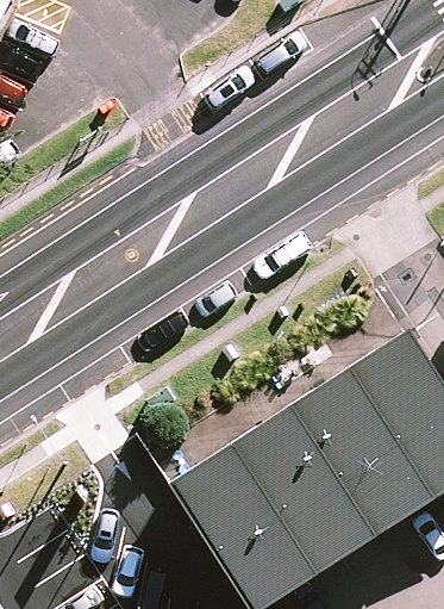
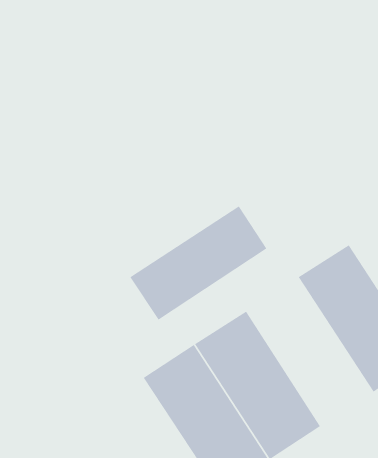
building: none -> [129,205,267,321]
building: [293,366,437,535] -> none

